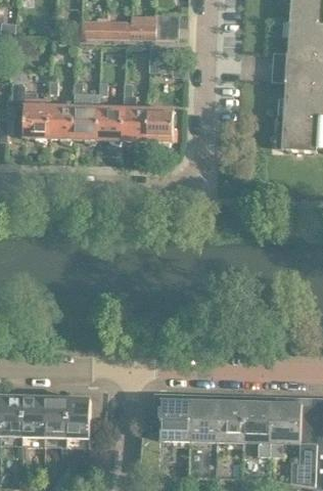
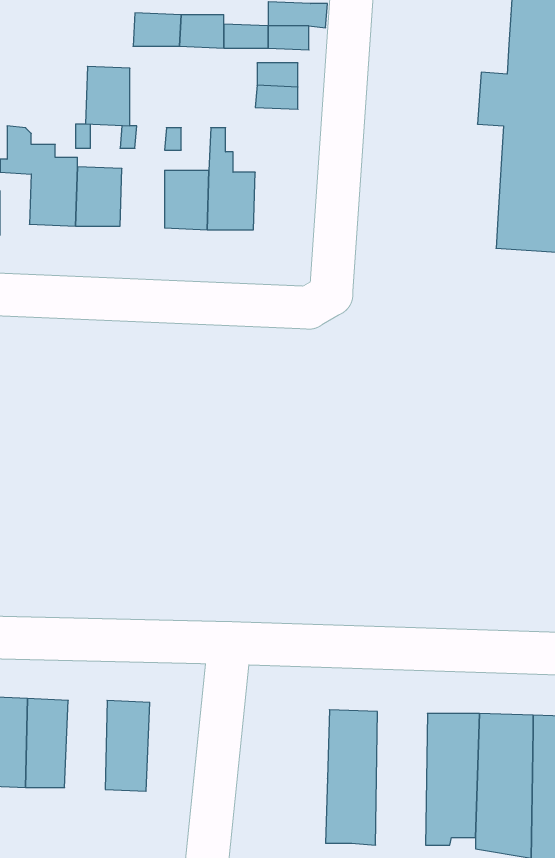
building: [73,102,97,135] -> [86,66,130,126]
building: [146,104,173,137] -> none
building: [42,396,65,445] -> none
building: [158,401,188,458] -> none
building: [214,402,242,476] -> none

